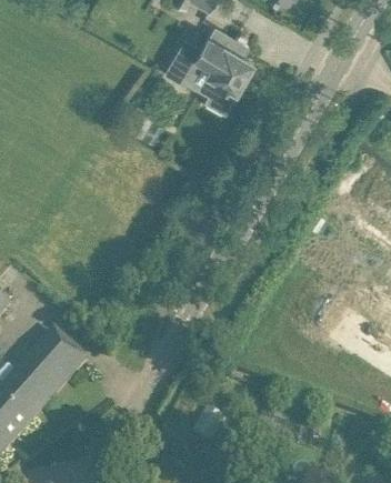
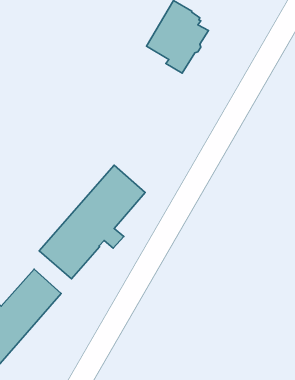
building: none -> [39,165,145,279]

